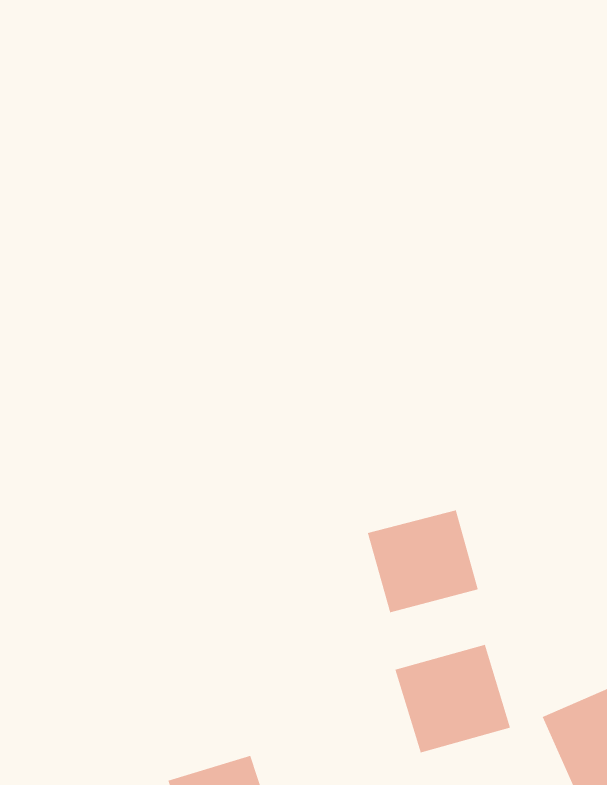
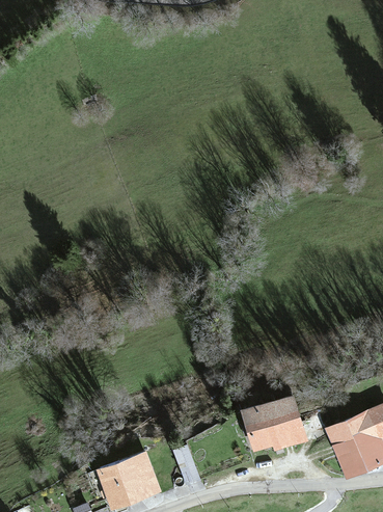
building: [367,509,479,613] -> none

